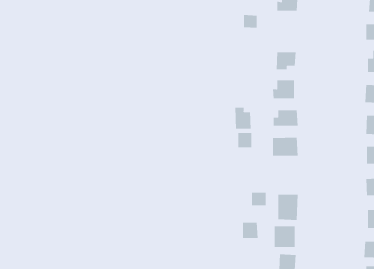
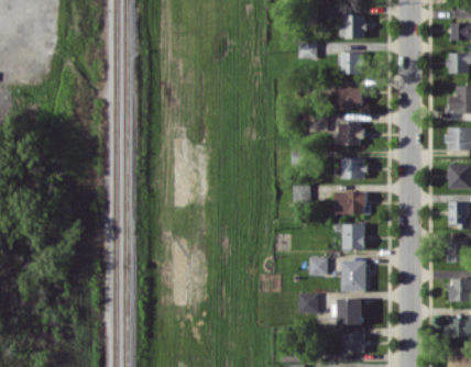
building: none -> [341,53,362,75]
building: [235,107,251,129] -> none
building: none -> [342,224,365,249]

